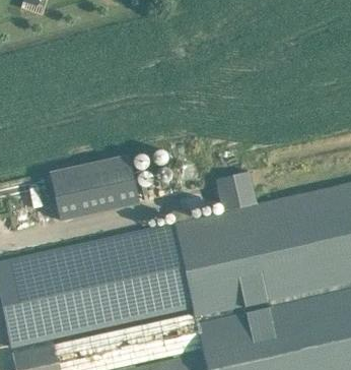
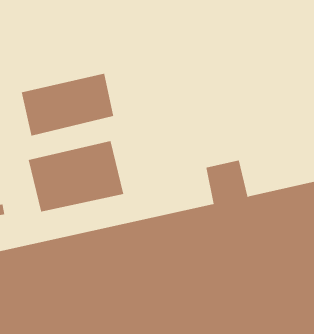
building: none -> [21,73,114,137]

